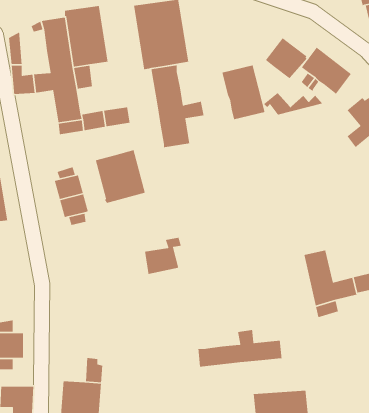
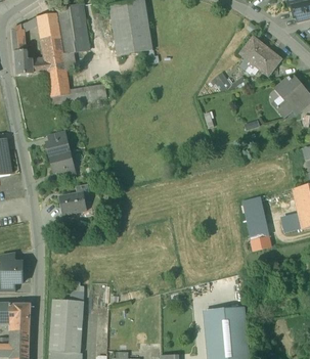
building: [265,37,308,79] -> none
building: [150,65,204,148] -> none
building: [221,65,265,120] -> none
building: [95,149,146,204] -> none
building: [144,237,182,275] -> [59,185,89,215]
building: [197,329,283,367] -> none

